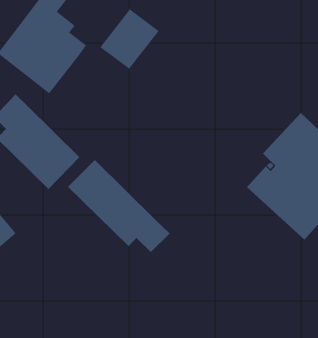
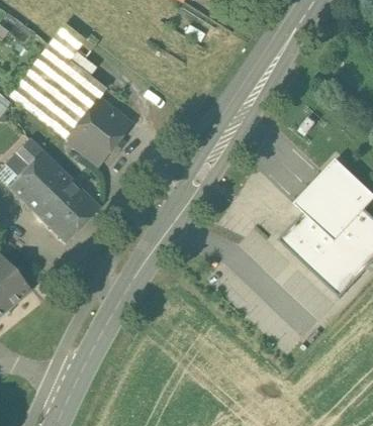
building: [99,9,159,70] -> [67,98,131,164]
building: [67,159,170,253] -> none

